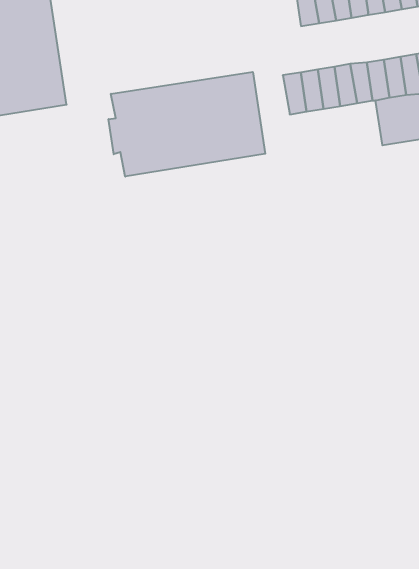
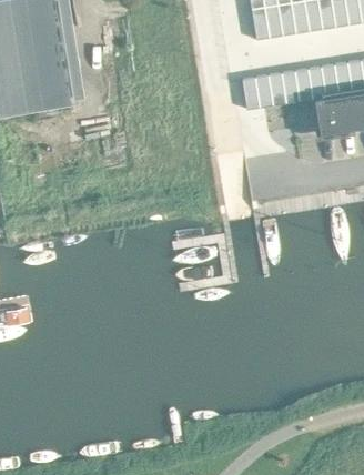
building: [109,72,265,177] -> none

